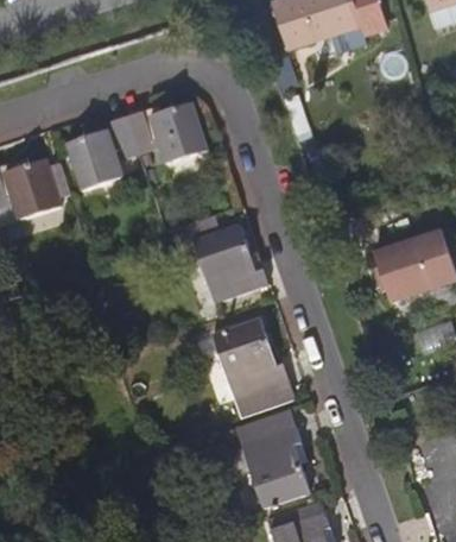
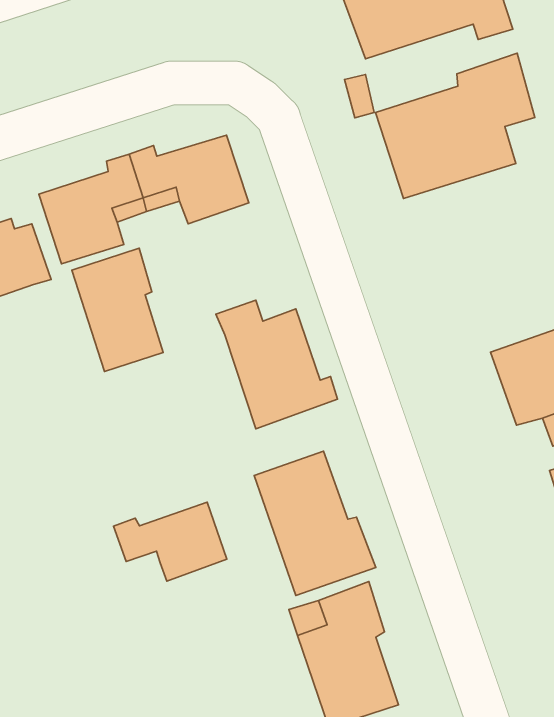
building: none -> [376,53,535,199]
building: none -> [72,248,163,372]
building: none -> [114,502,227,581]

